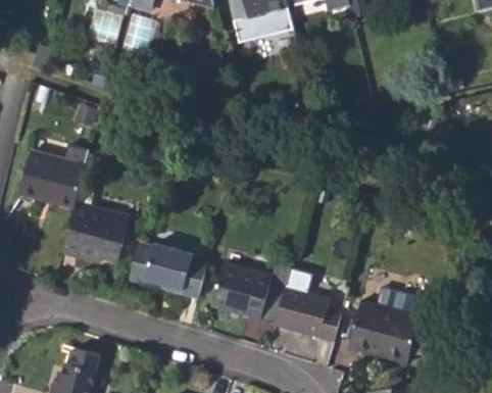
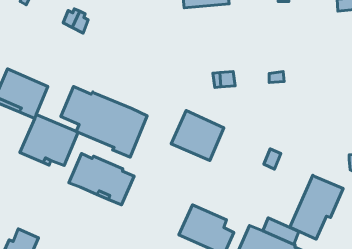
building: none -> [61,87,147,157]
building: none -> [290,175,343,239]
building: [209,261,272,318] -> [171,111,224,160]

